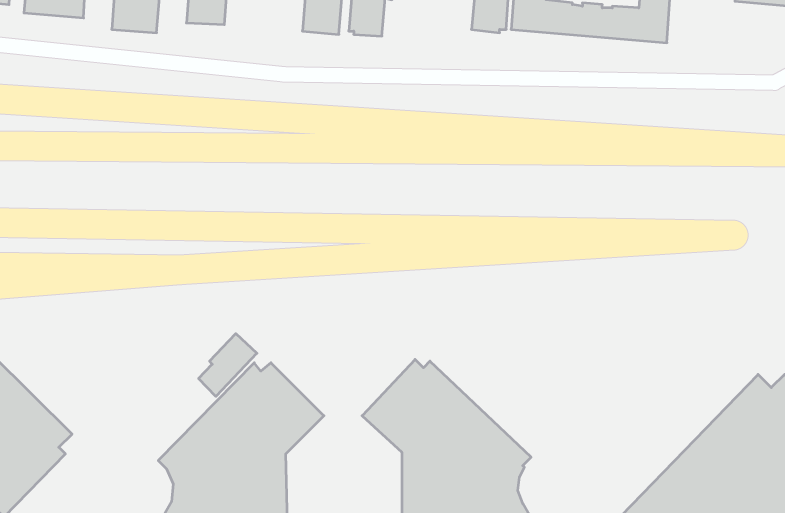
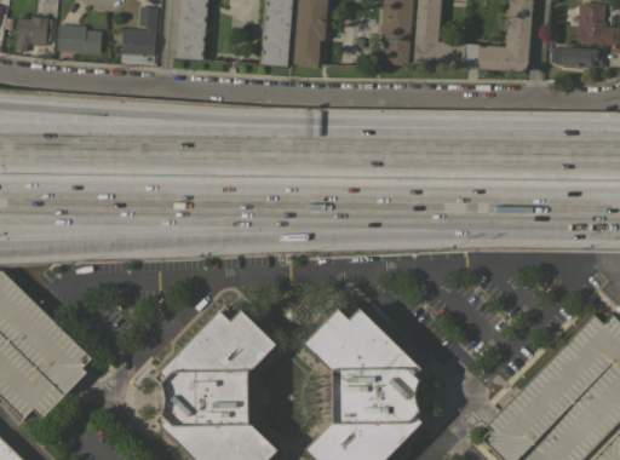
building: none -> [551,47,604,68]
building: [199,334,257,396] -> none

